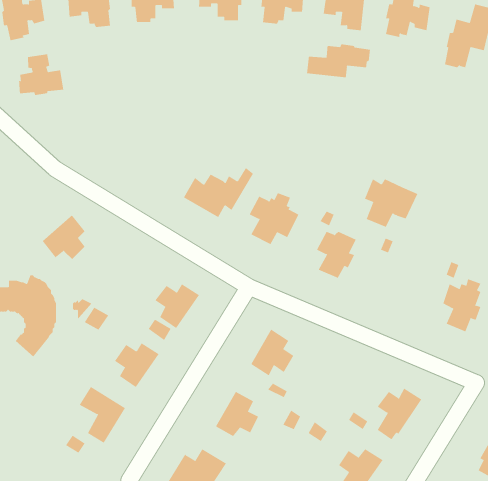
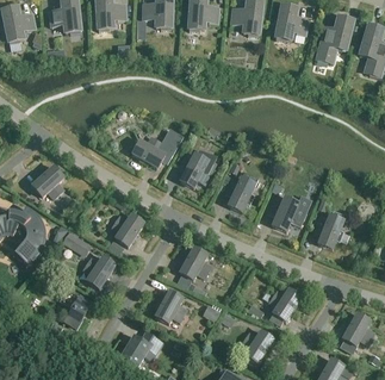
building: [307,44,370,78] -> none
building: [18,54,64,96] -> none
building: [364,179,418,227] -> [271,195,309,230]

